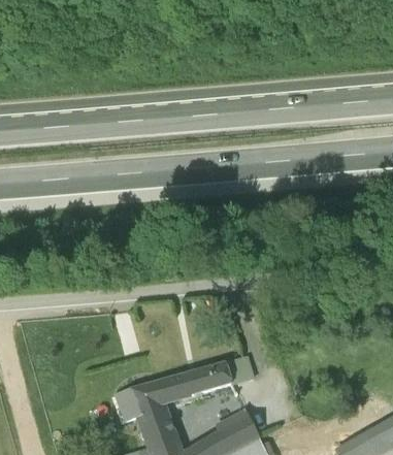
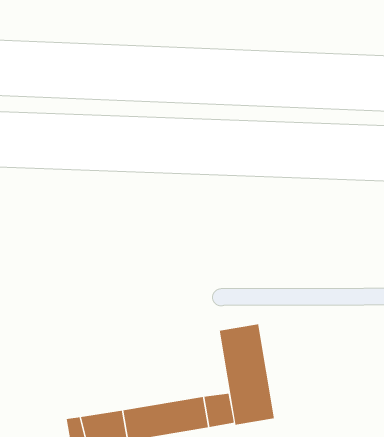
building: none -> [219,324,275,425]

